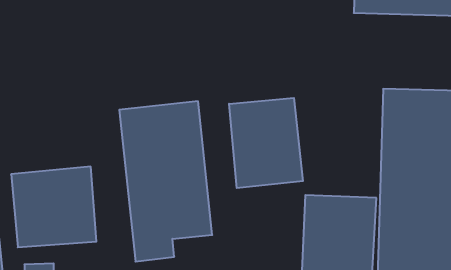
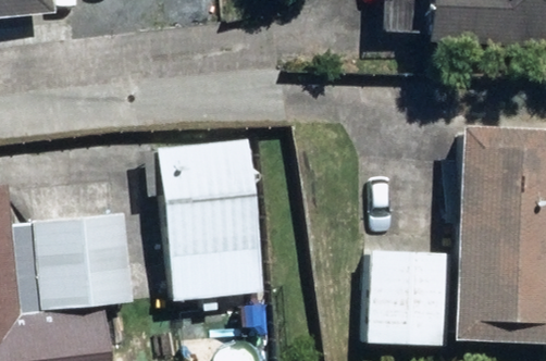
building: [229,98,303,188] -> none

